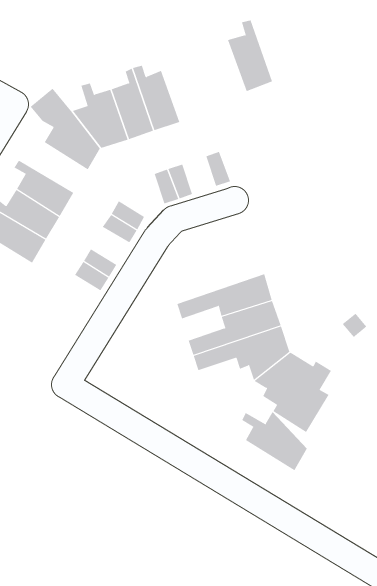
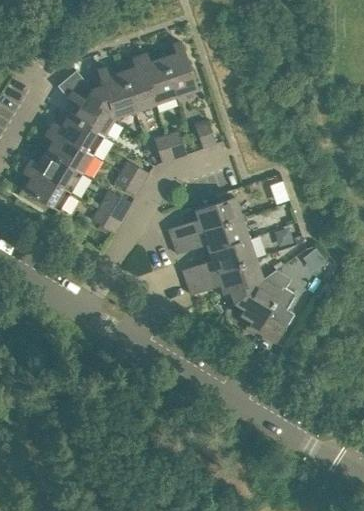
building: [227,20,273,92] -> [160,41,196,98]
building: none -> [47,114,102,154]
building: none -> [167,197,242,242]
building: [241,411,307,471] -> none

